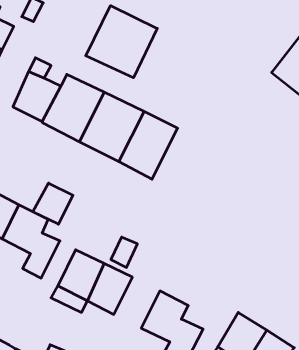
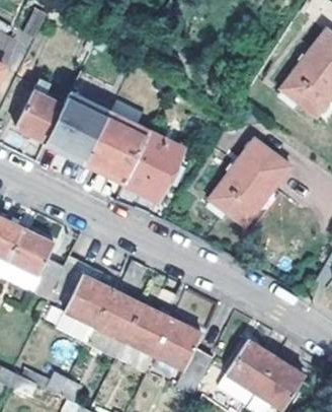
building: [86,6,157,78] -> none
building: none -> [208,142,288,228]
building: [33,183,73,224] -> none
building: none -> [119,302,167,355]

